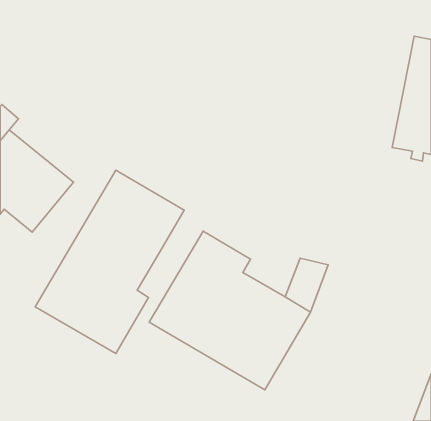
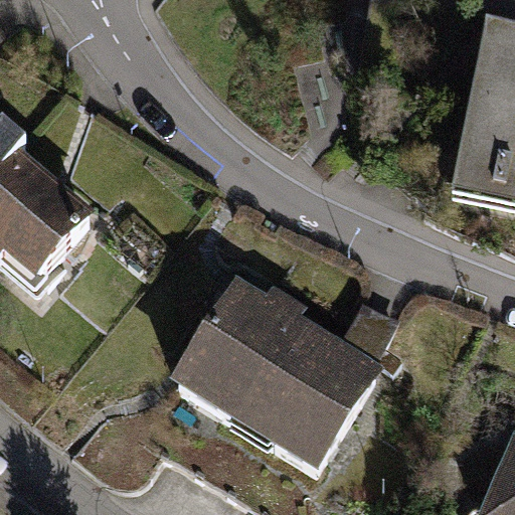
building: [35,170,184,354] -> none

